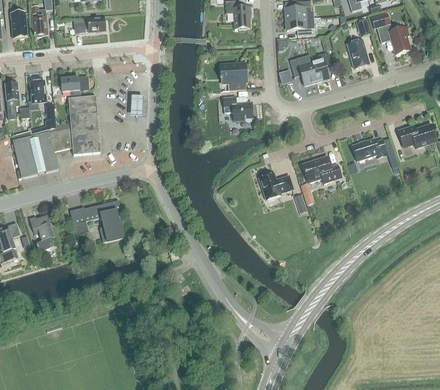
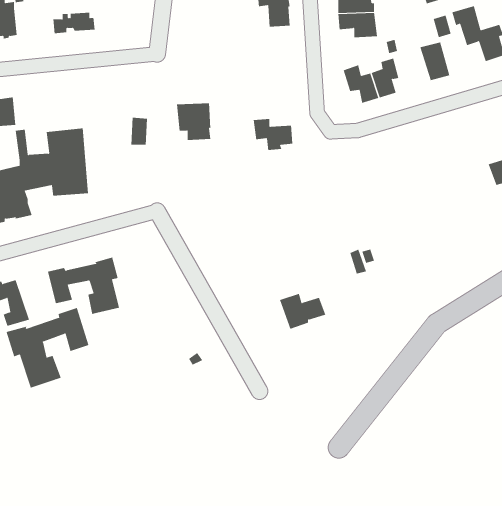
building: [220,62,246,90] -> [176,103,211,140]
building: [61,76,96,106] -> none
building: [351,138,386,160] -> none
building: [301,155,341,183] -> none
building: [258,172,293,199] -> [279,293,326,329]
building: none -> [6,307,89,388]

